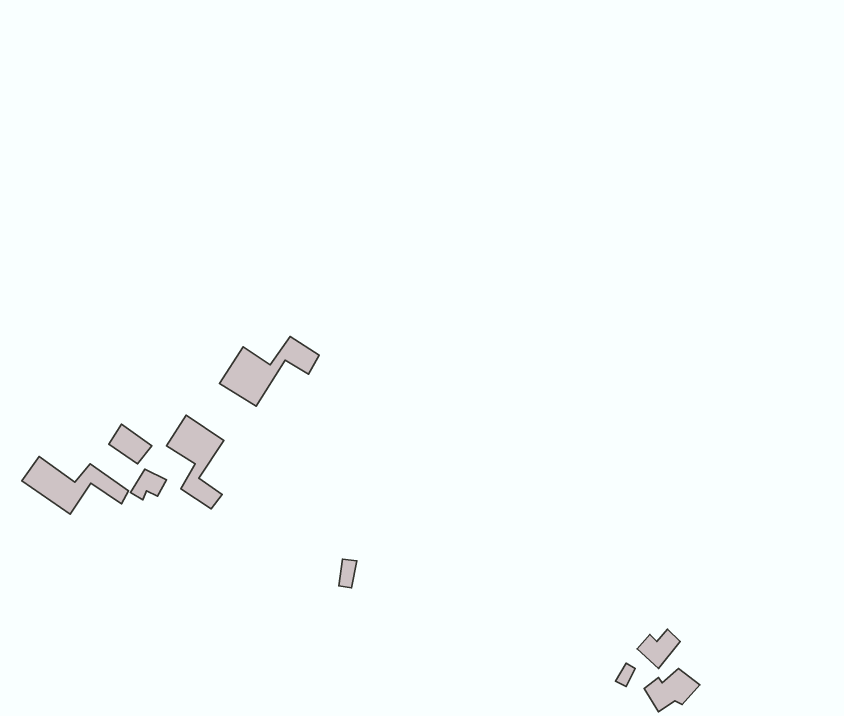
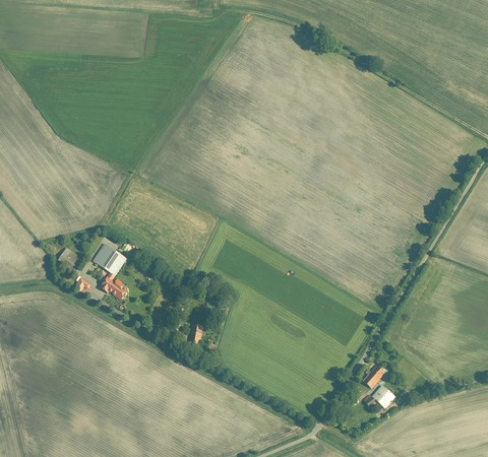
building: [220,336,319,406] -> none
building: [22,456,129,514] -> none

